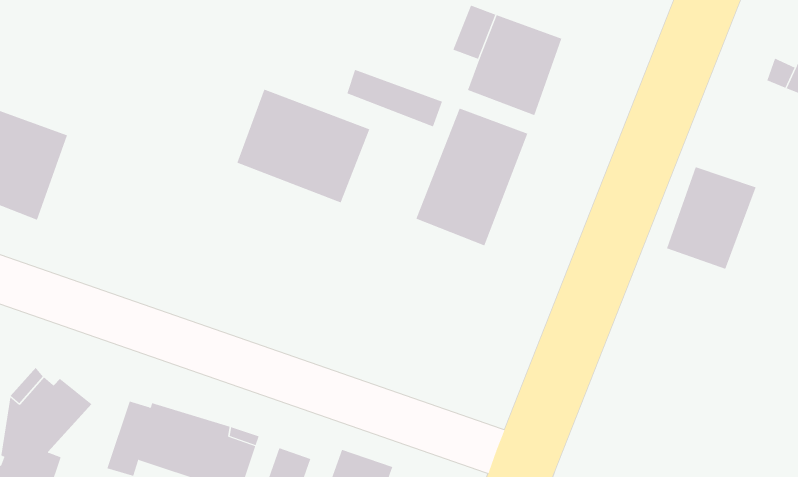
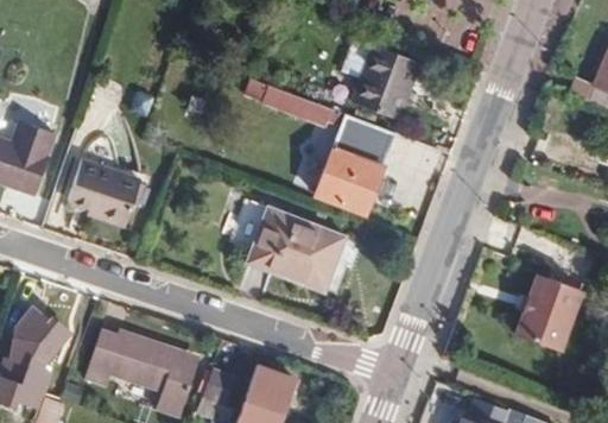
building: [237,89,370,203] -> [247,207,346,291]
building: [666,166,756,269] -> [515,273,582,349]
building: none -> [68,159,140,228]

